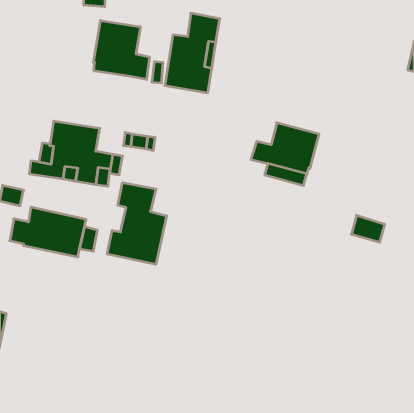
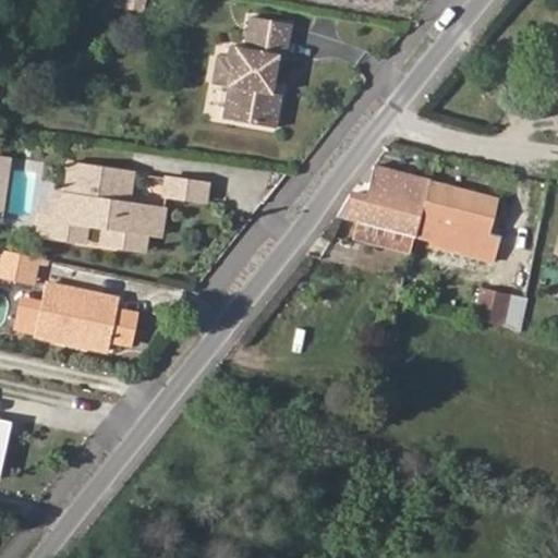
building: [94,20,149,80] -> none
building: none -> [416,180,509,275]
building: [107,183,167,264] -> none

